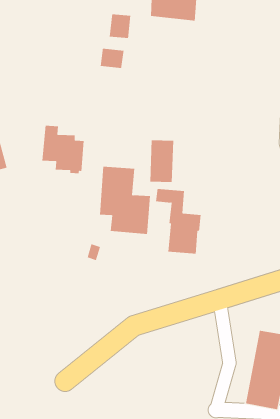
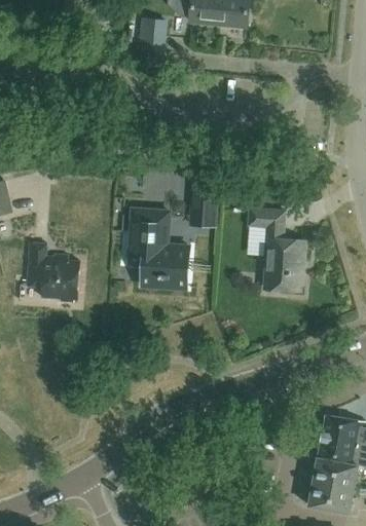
building: [100,48,124,69] -> none
building: [42,125,84,174] -> [26,241,79,302]
building: [155,188,201,254] -> [248,208,305,290]

